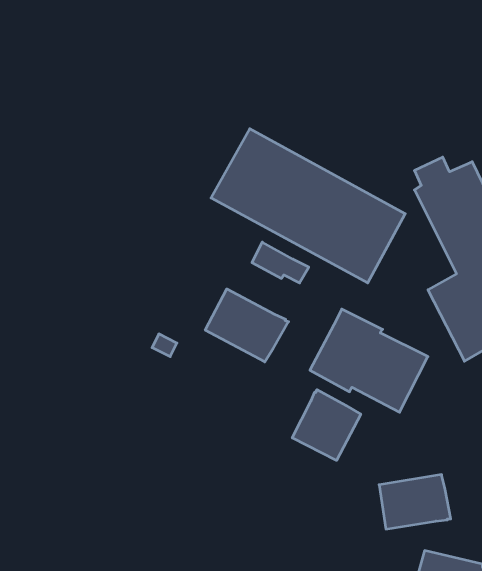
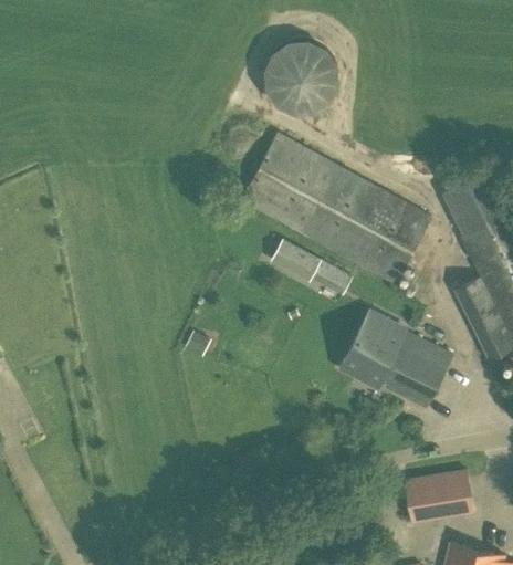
building: none -> [264,38,339,114]
building: [205,289,289,362] -> none
building: [292,390,361,460] -> none

